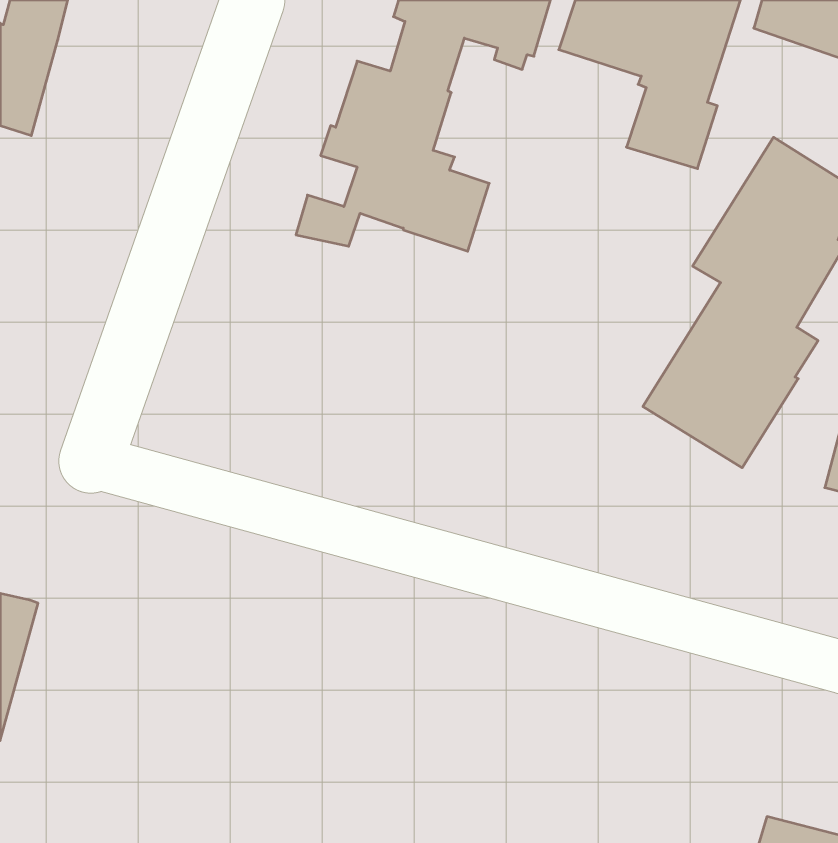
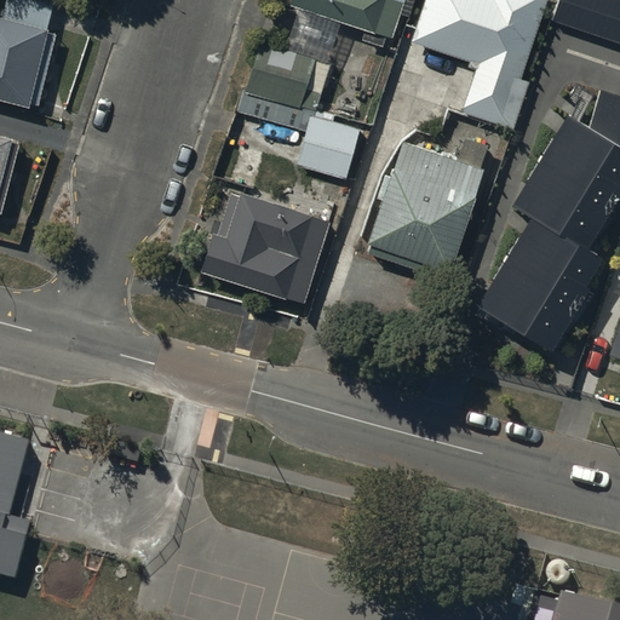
building: none -> [366,134,482,275]
building: none -> [203,183,331,302]

